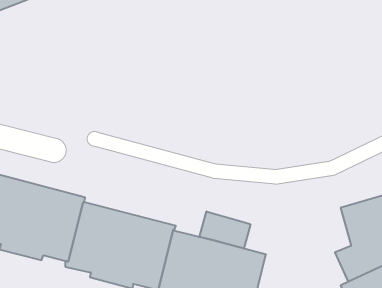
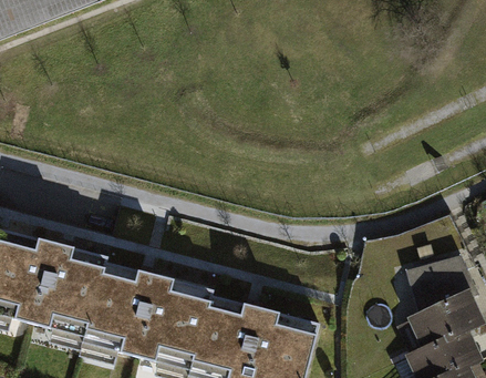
building: [199,211,250,249] -> none

